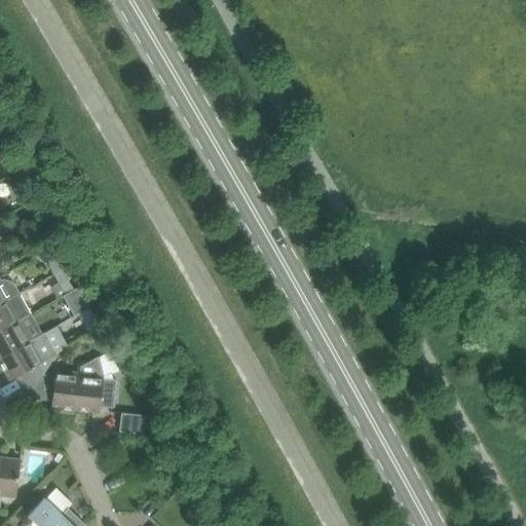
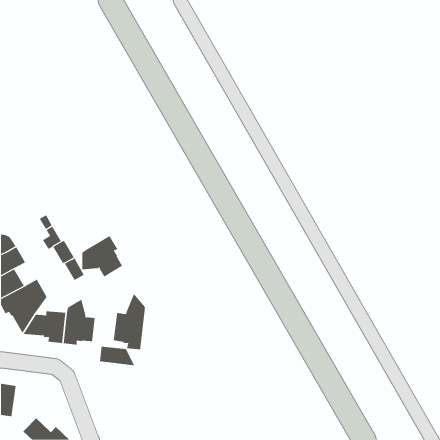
building: none -> [82,235,123,277]
building: none -> [113,293,145,350]

